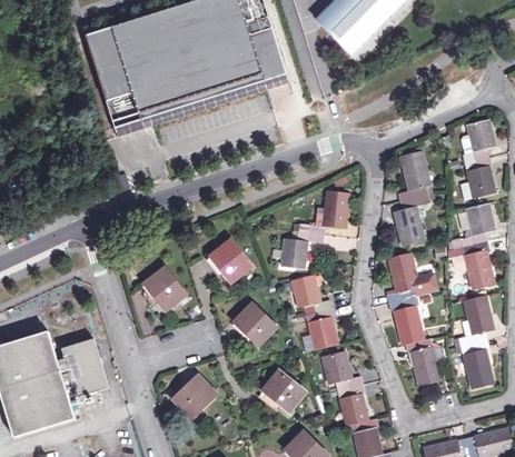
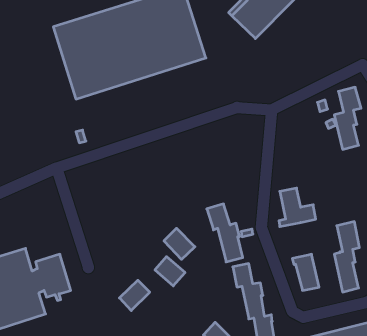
building: [392,149,428,244] -> none
building: [279,187,348,266] -> none
building: [458,202,493,288] -> none
building: [209,240,249,281] -> none
building: [146,267,186,308] -> none
building: [387,296,425,345] -> none
building: [263,370,303,409] -> [155,257,185,286]

